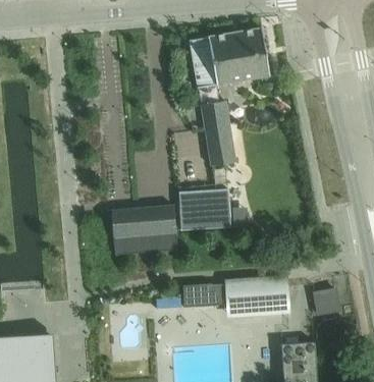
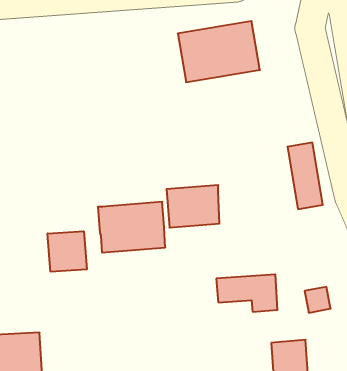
building: [201,101,235,166] -> [287,143,323,209]
building: none -> [48,231,87,272]
building: [182,284,219,308] -> none

